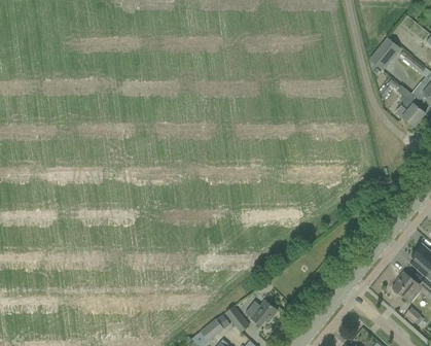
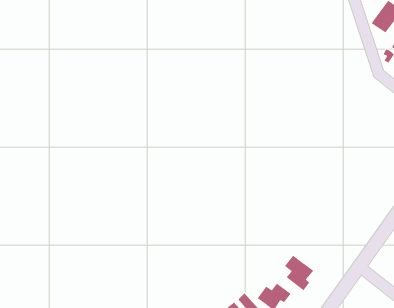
building: none -> [284,255,314,291]

